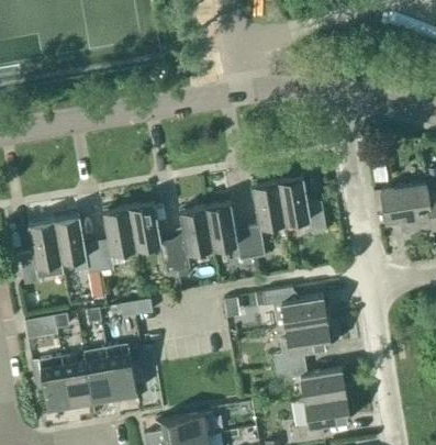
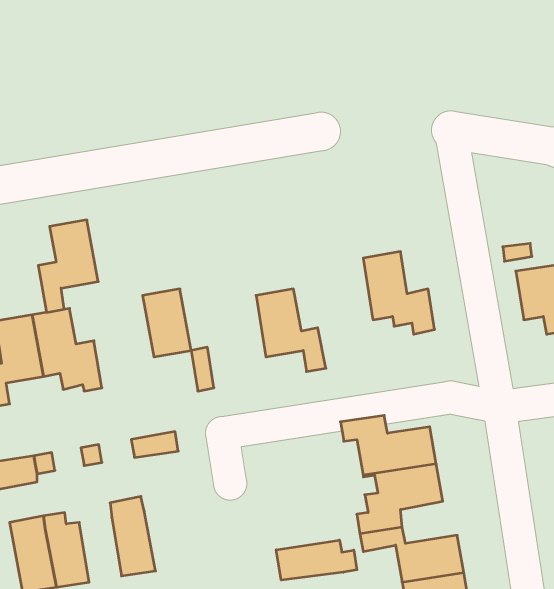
building: [246,181,283,256] -> none
building: [94,207,135,269] -> [38,220,98,312]
building: [171,207,211,269] -> none
building: [82,347,113,401] -> none
building: none -> [276,540,357,580]

